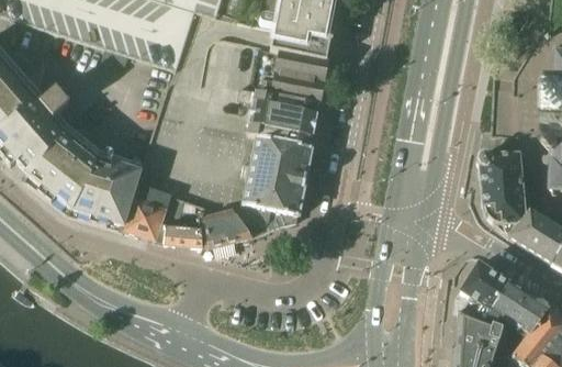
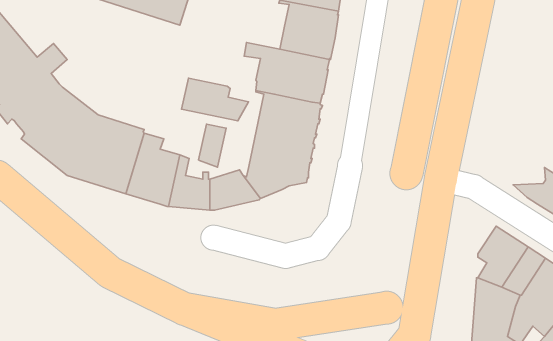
building: none -> [182,78,248,121]
building: [476,146,525,216] -> none
building: none -> [199,124,226,167]

